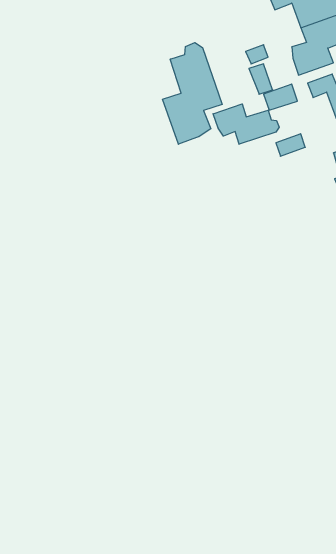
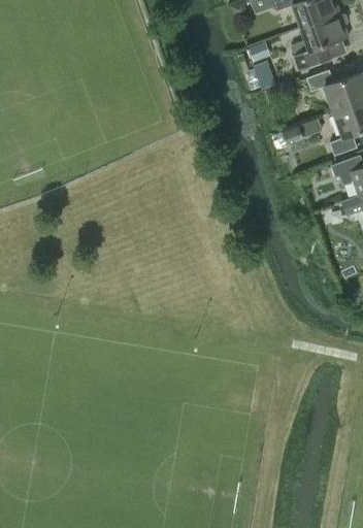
building: [162,43,222,144] -> none
building: [213,104,279,144] -> none

